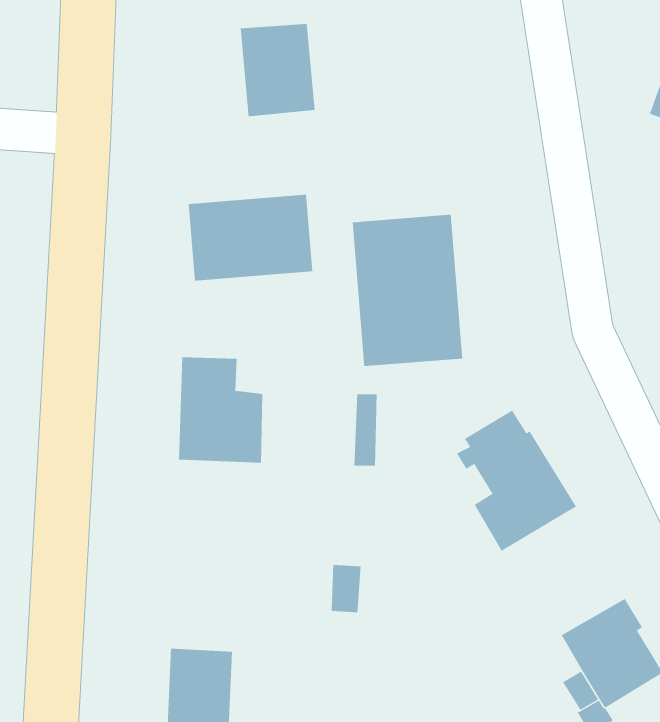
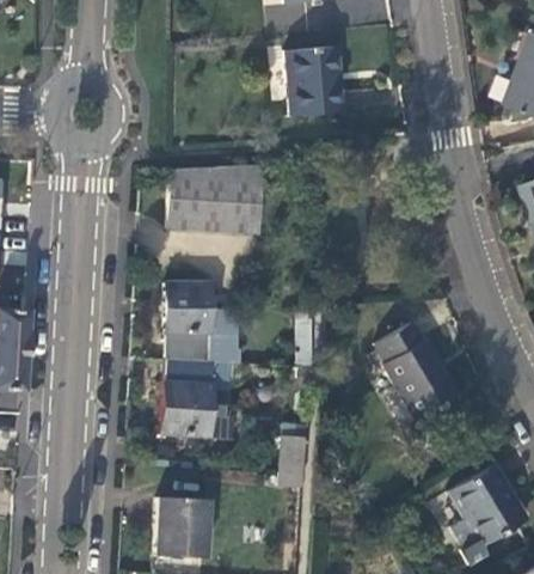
building: [240,23,315,117] -> [287,47,343,116]
building: [352,214,463,367] -> none
building: none -> [159,360,226,436]

